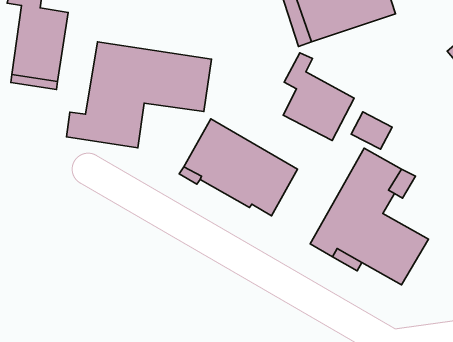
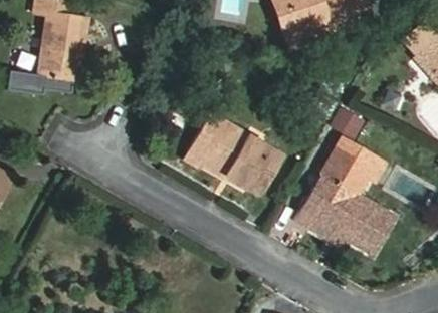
building: [67,42,211,148] -> none
building: [283,53,354,141] -> none

